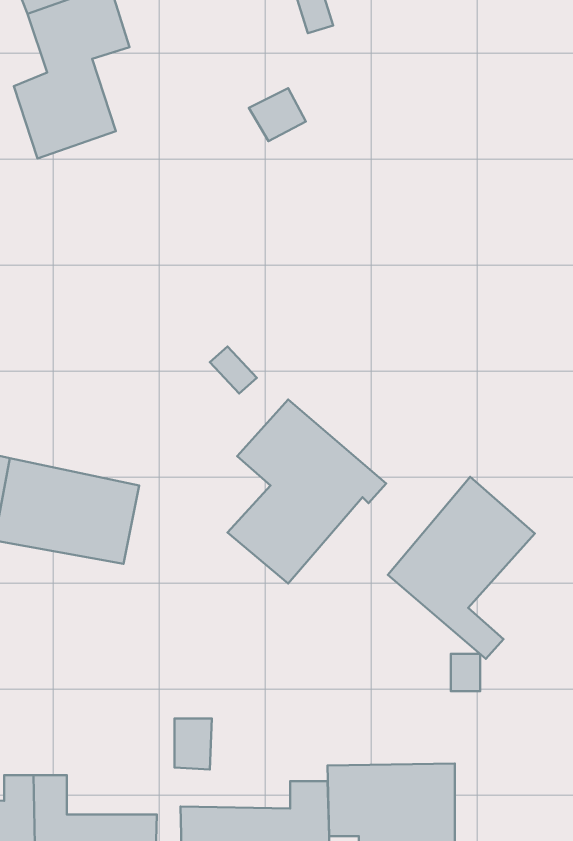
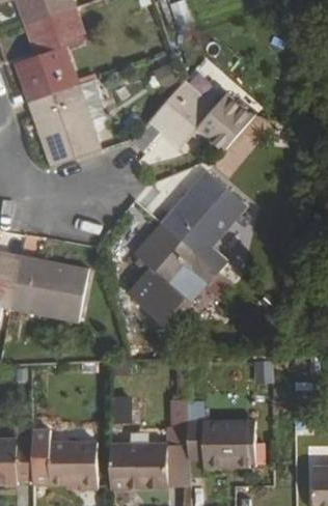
building: none -> [131,82,253,167]
building: none -> [33,84,95,159]
building: [388,477,535,659] -> [166,174,244,271]

